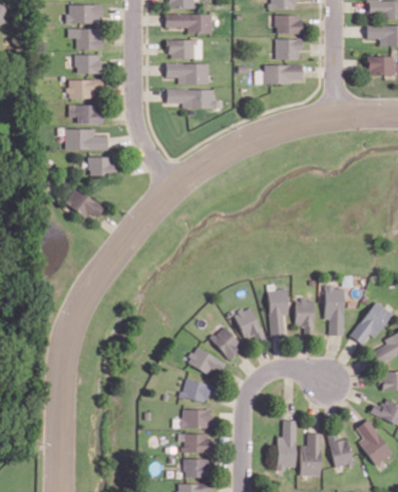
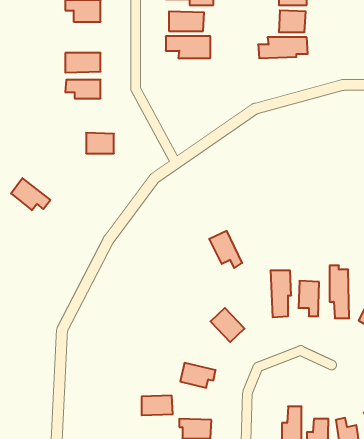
building: [75,54,100,73] -> none
building: [166,88,218,108] -> none
building: [65,128,107,149] -> none
building: [65,187,103,218] -> [11,178,50,210]
building: [233,307,265,343] -> [209,231,242,268]
building: [185,346,225,376] -> none
building: [179,409,210,428] -> [142,396,173,415]

